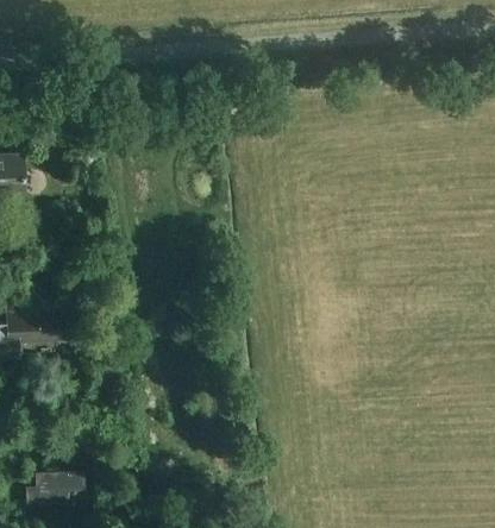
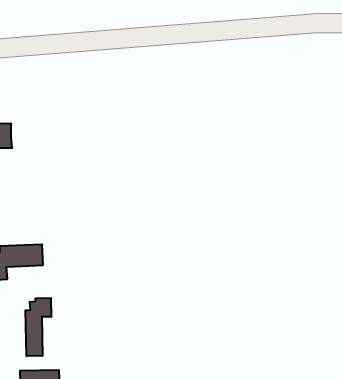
building: none -> [25,298,51,356]

